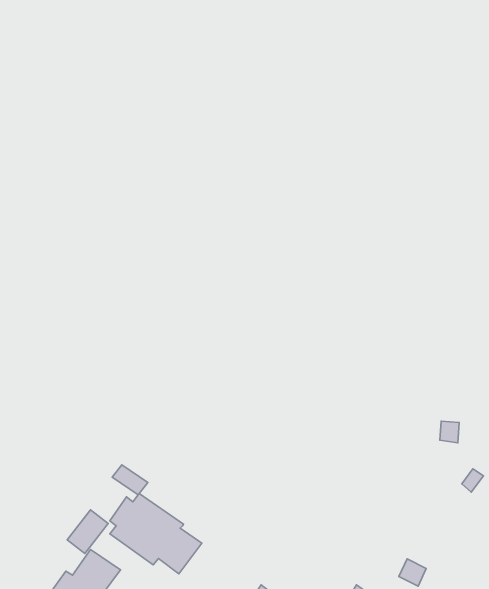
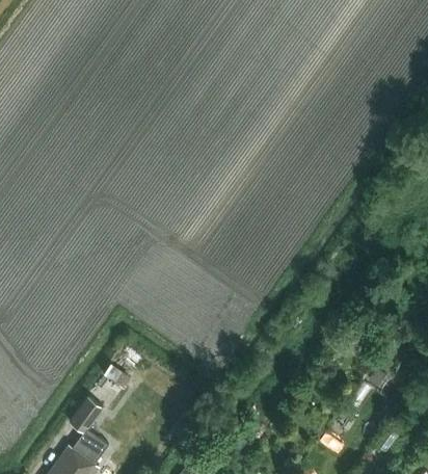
building: [110,494,202,574] -> none

